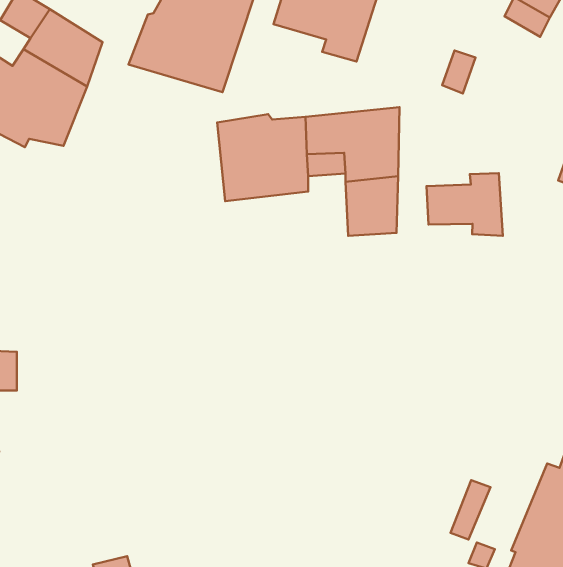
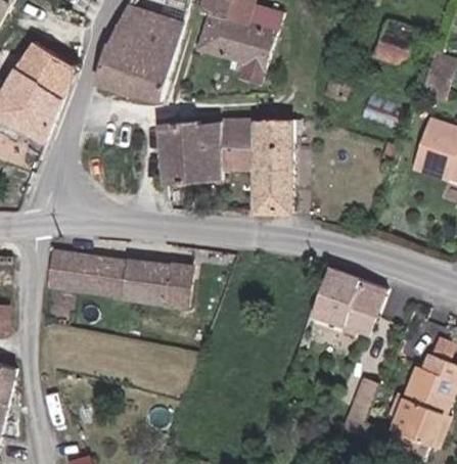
building: [427,173,503,236] -> none
building: none -> [36,252,179,307]
building: none -> [307,272,380,340]

